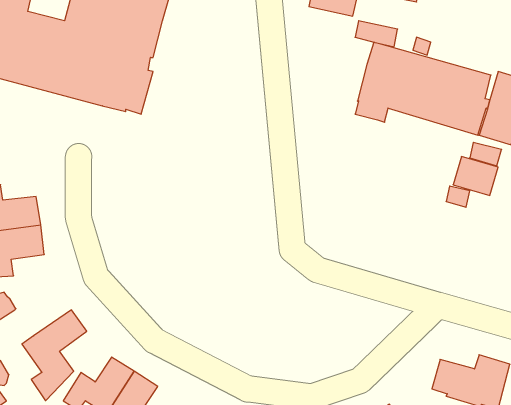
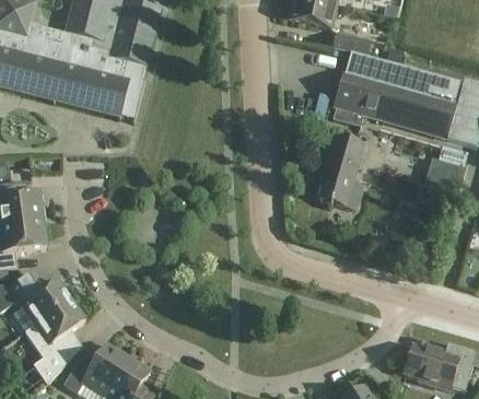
building: none -> [319,134,363,208]
building: none -> [21,279,70,324]

